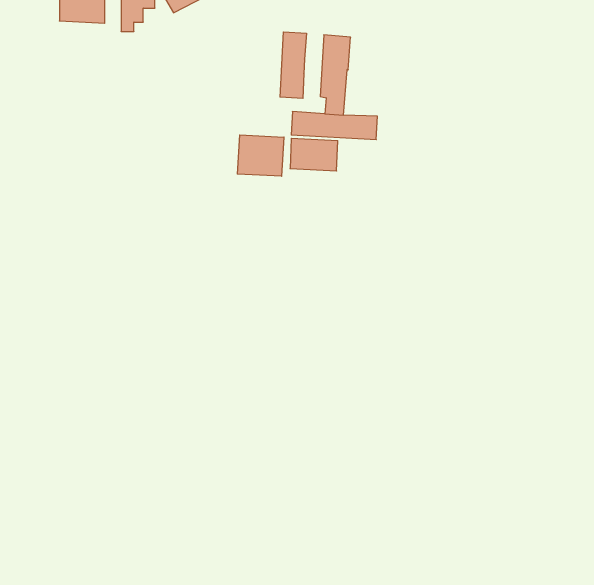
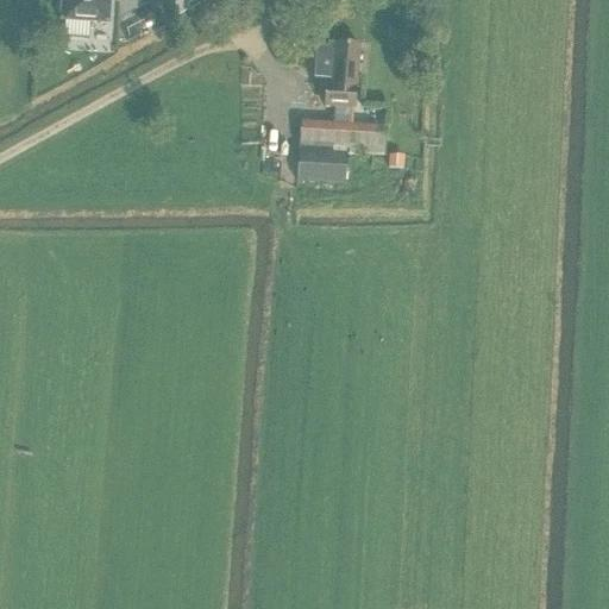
building: [280,32,306,98] -> none
building: [237,135,284,176] -> none

